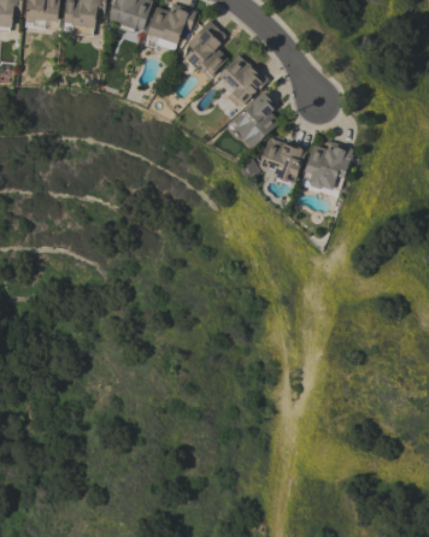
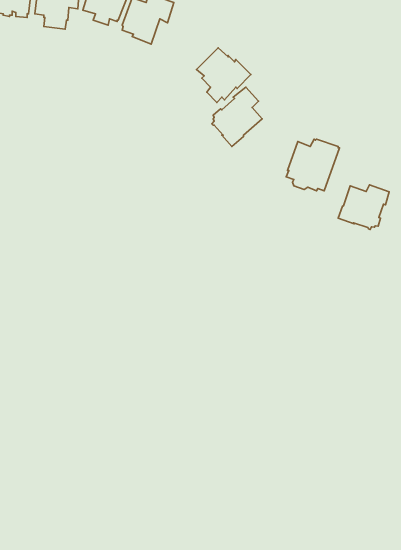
building: [180,19,228,78] -> none
building: [258,137,306,185] -> none
building: none -> [338,185,389,229]

